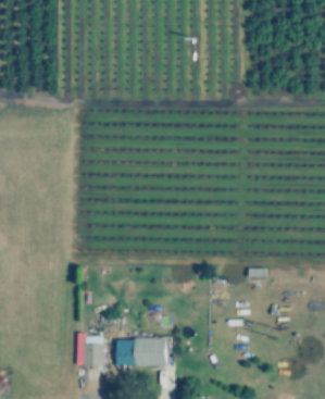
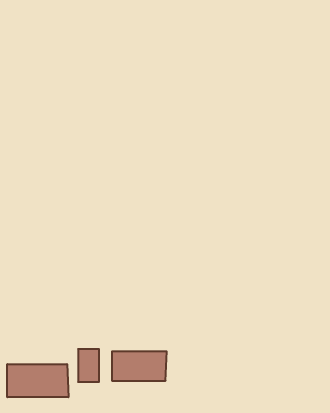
building: none -> [7,364,68,397]

